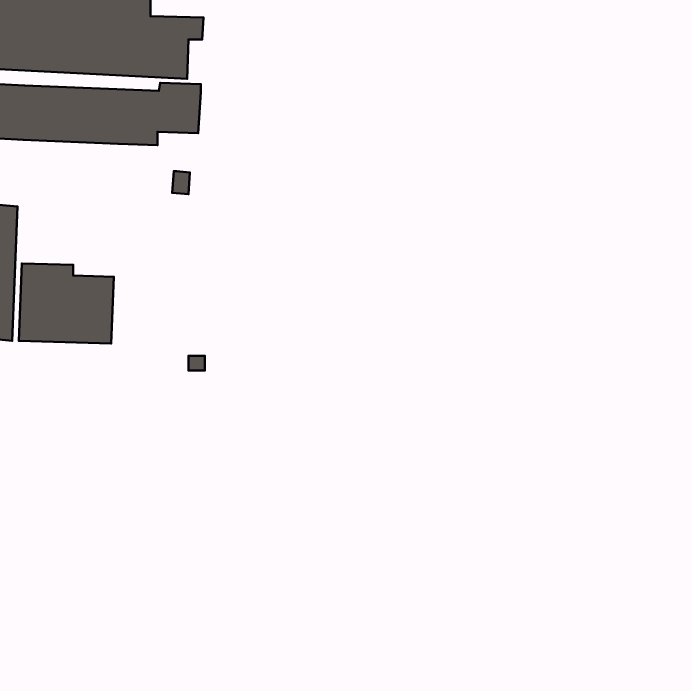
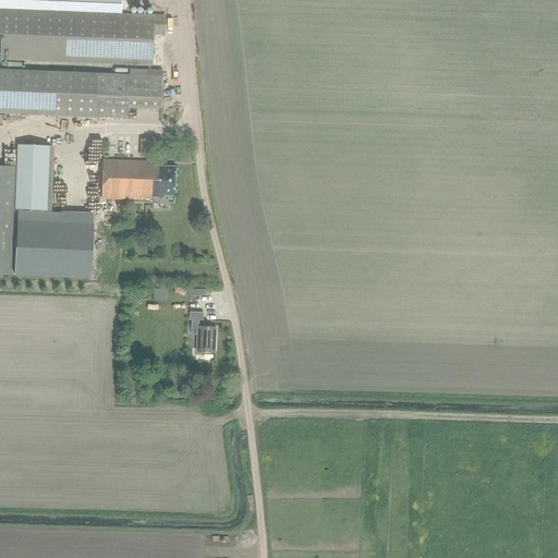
building: none -> [14,142,49,210]
building: none -> [101,158,173,198]
building: none -> [187,310,215,351]

